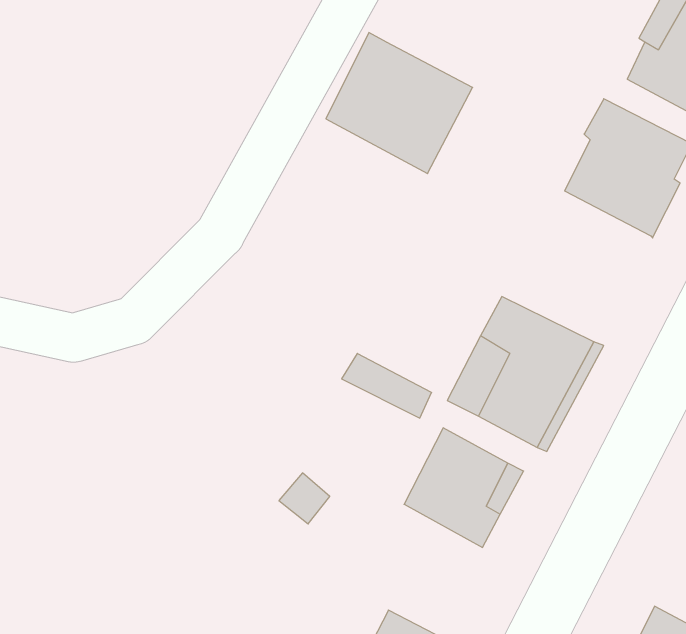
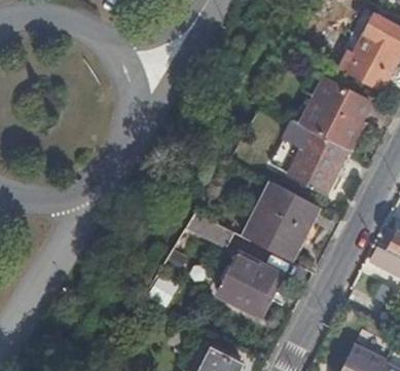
building: [326,33,473,174] -> [272,121,350,195]

